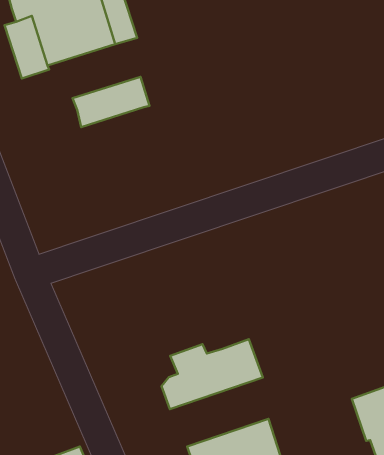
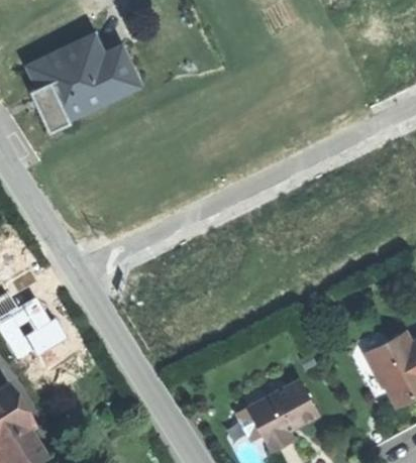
building: [72,77,149,127] -> none
building: [162,339,263,409] -> none

